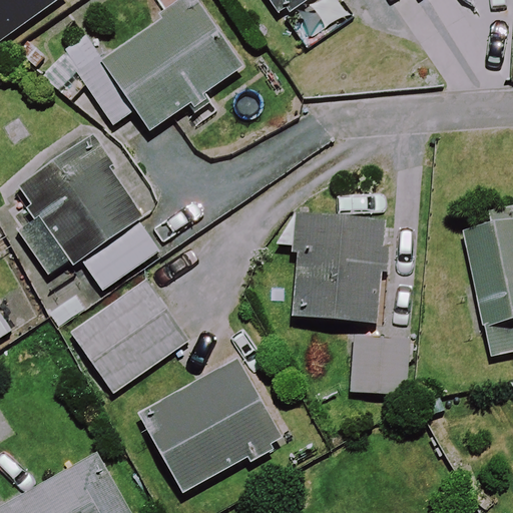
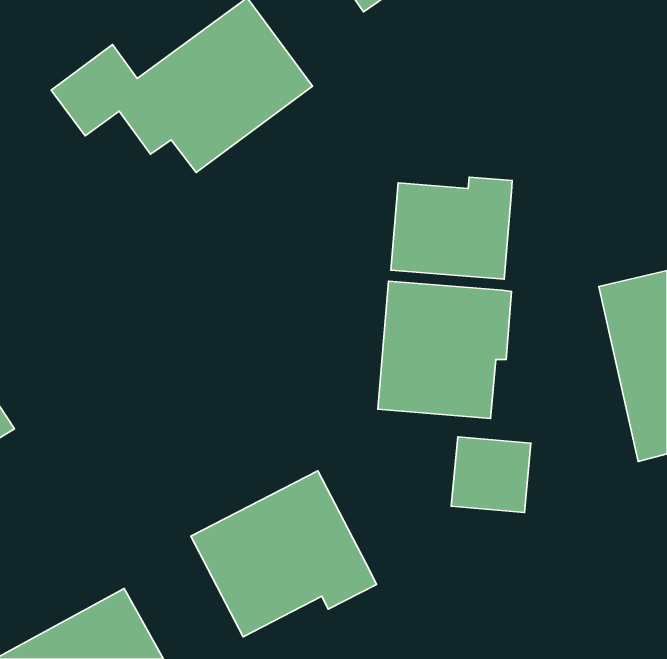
building: none -> [391,177,512,279]
building: [14,139,158,289] -> none
building: [71,279,187,390] -> none

